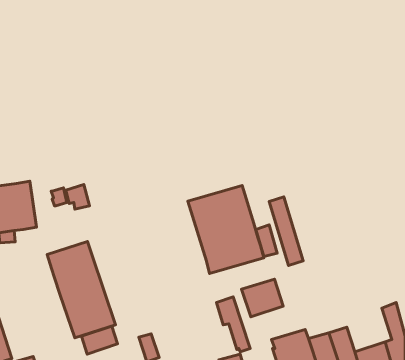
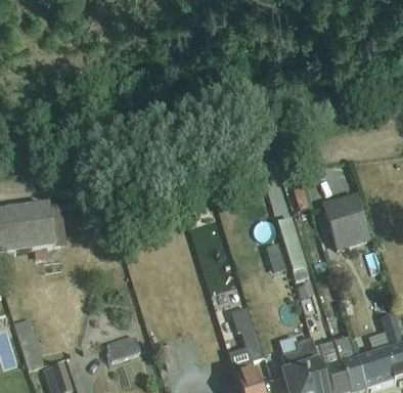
building: none -> [321,192,370,250]
building: [188,185,264,274] -> none
building: [47,241,116,338] -> none
building: [242,279,283,317] -> none

